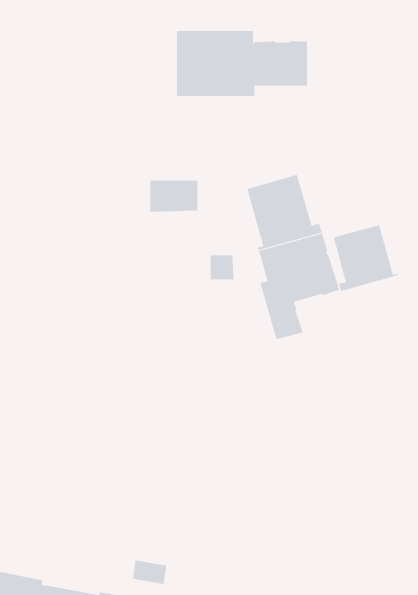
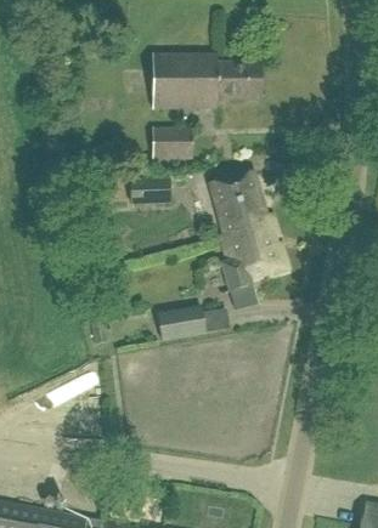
building: none -> [152,126,193,159]
building: [333,224,399,292] -> none
building: none -> [157,306,229,339]

